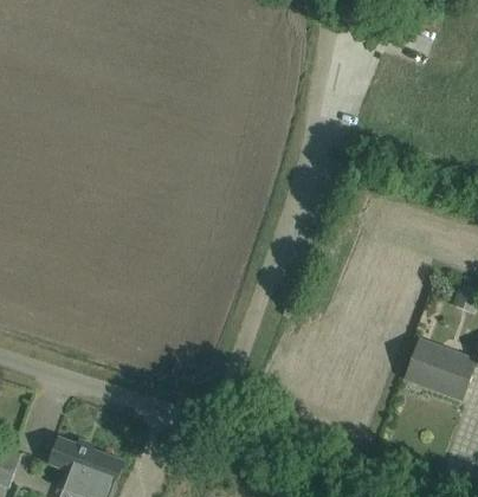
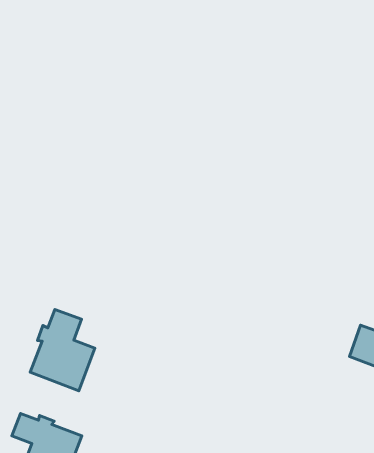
building: none -> [30,309,95,391]

